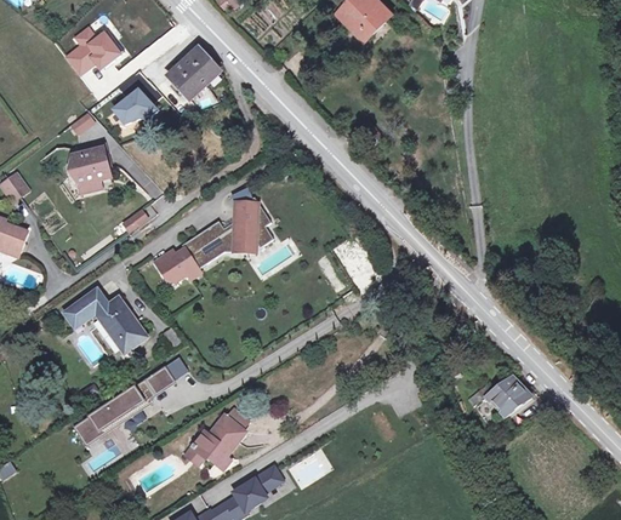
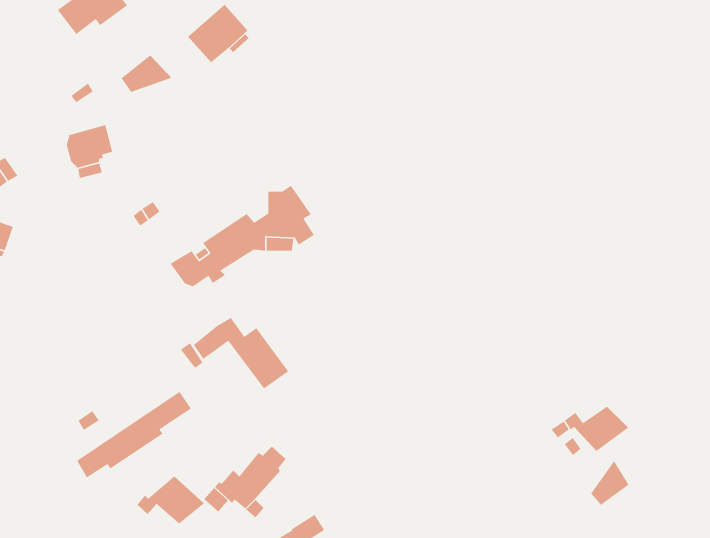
building: [67,291,146,350] -> [193,317,289,389]
building: none -> [590,460,630,506]
building: none -> [137,476,205,524]

